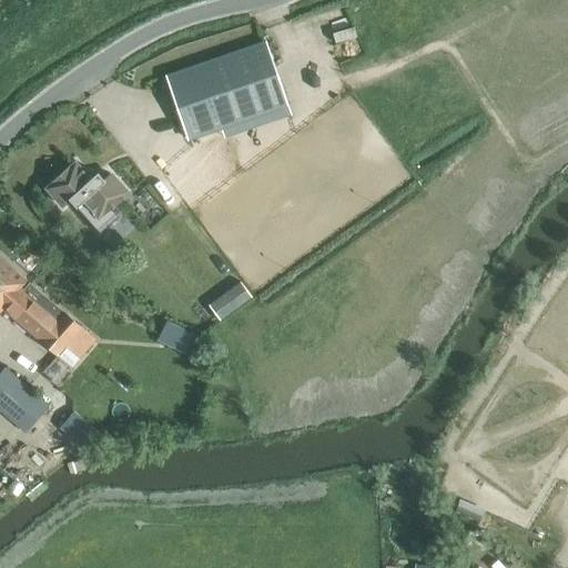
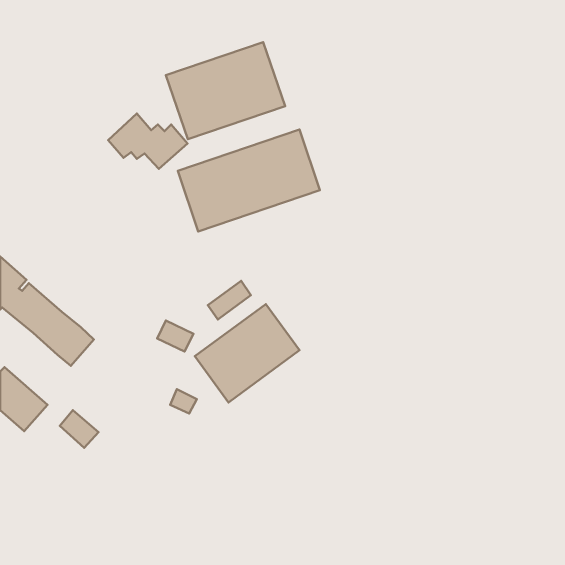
building: none -> [178,130,320,232]
building: [47,162,126,217] -> [108,114,188,169]
building: none -> [195,304,300,402]

